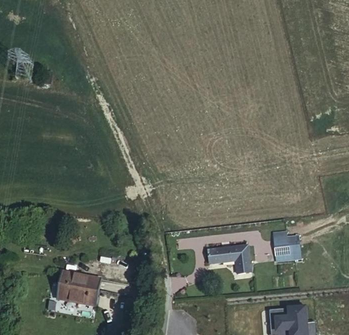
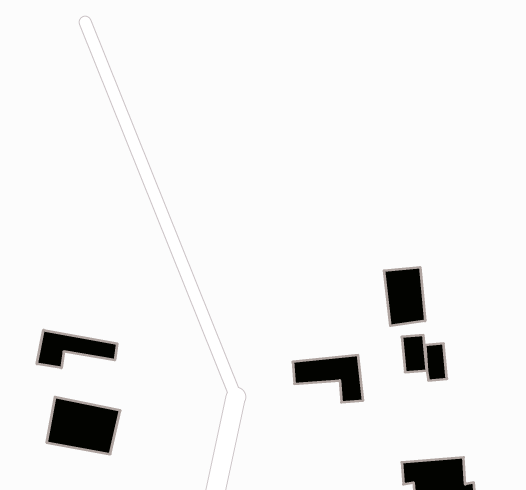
building: none -> [384,267,425,326]
building: none -> [37,330,117,368]

